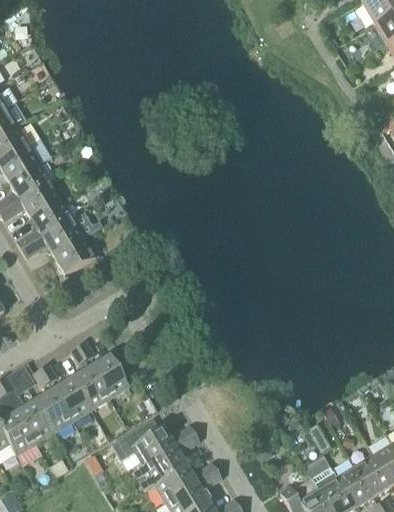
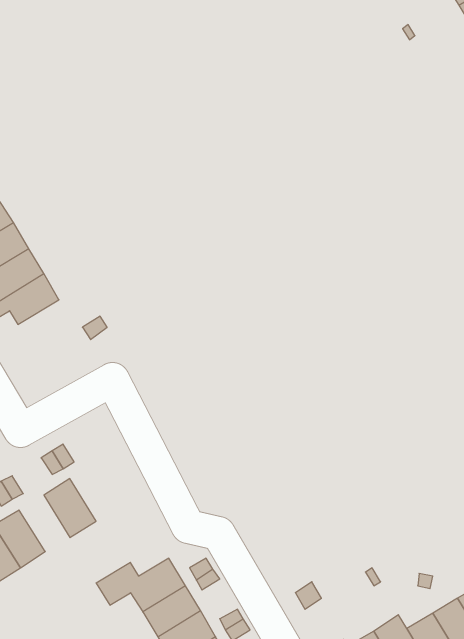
building: [53,235,95,273] -> none
building: [91,353,129,396] -> none
building: [54,377,91,418] -> none

